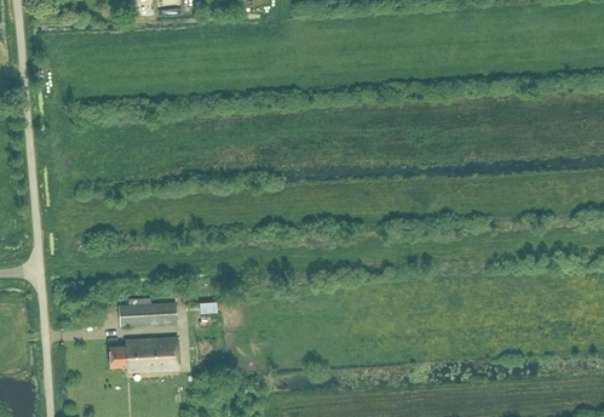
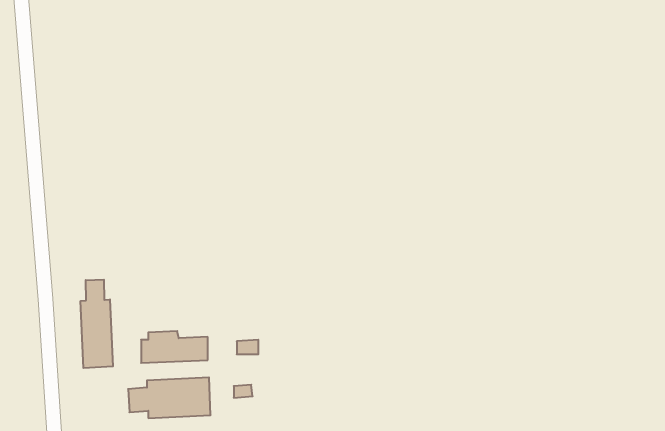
building: none -> [81,280,113,368]

